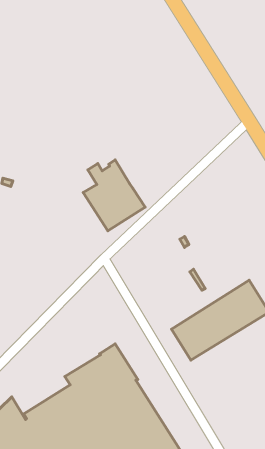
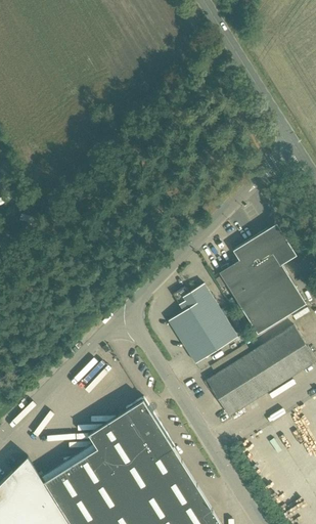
building: [83,160,145,231] -> [168,285,237,364]
building: none -> [221,230,306,334]

